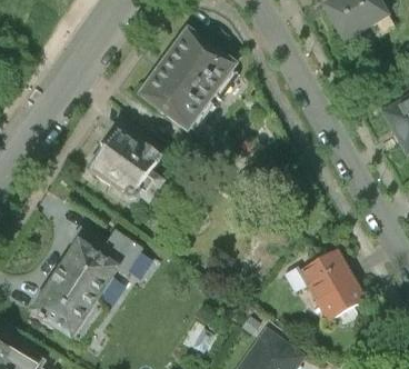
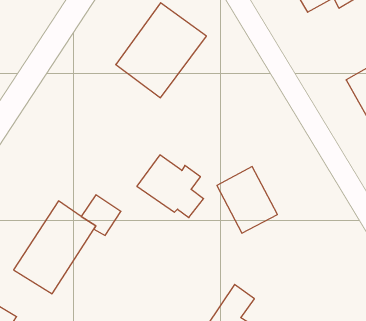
building: [92,132,163,199] -> [137,155,204,218]
building: [299,249,363,320] -> [217,167,277,233]

